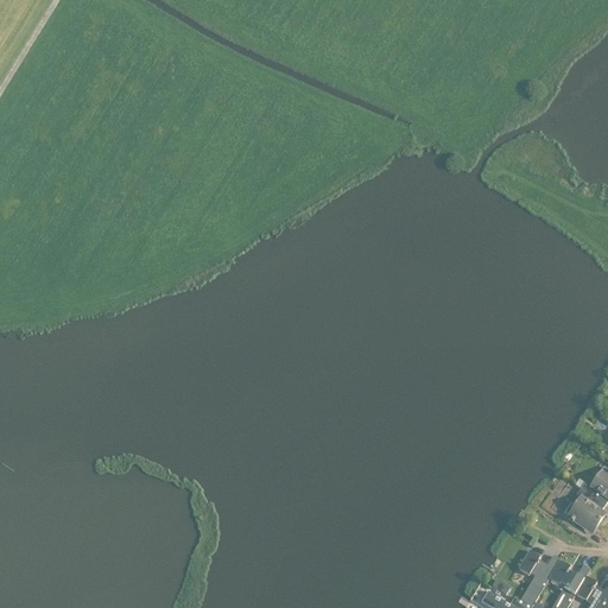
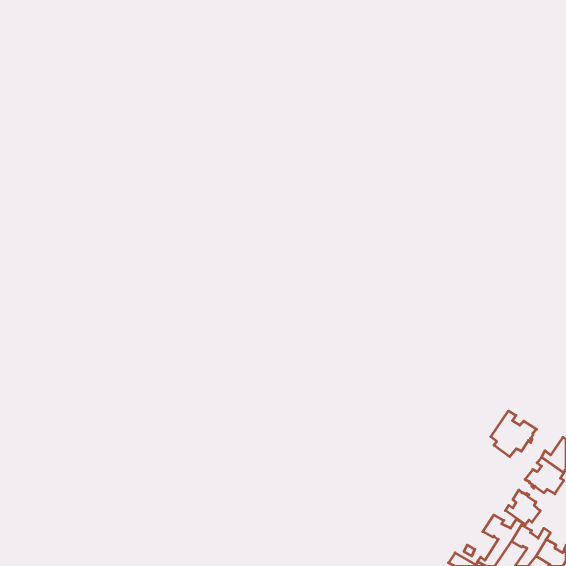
building: none -> [491,411,537,457]
building: none -> [505,490,540,525]

